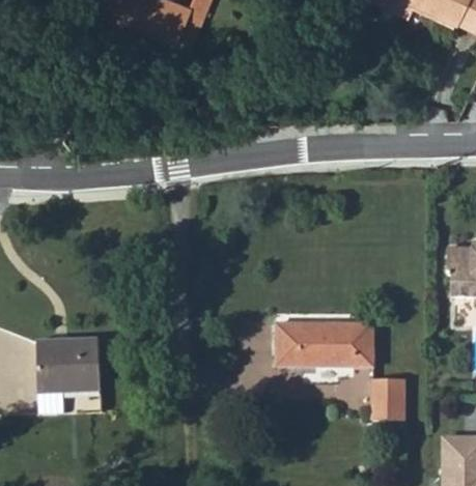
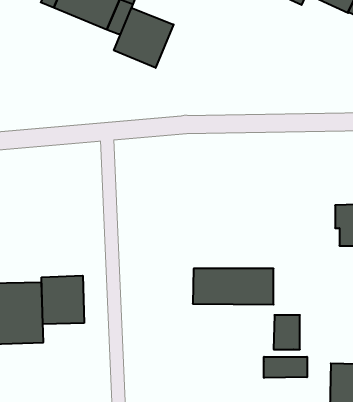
building: none -> [114,8,174,68]
building: none -> [42,276,84,324]
building: none -> [264,357,307,378]

